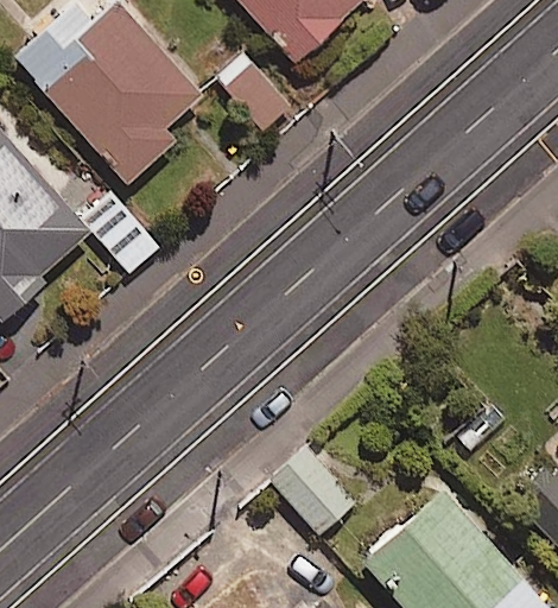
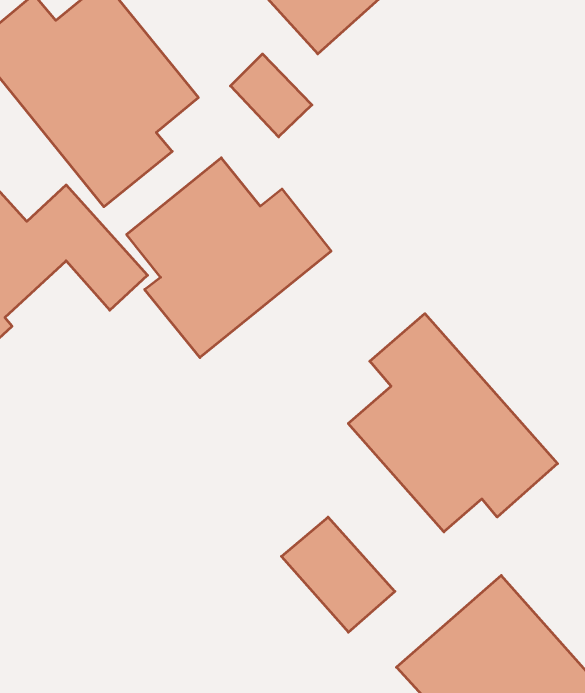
building: none -> [127,158,331,358]
building: none -> [348,314,558,532]

